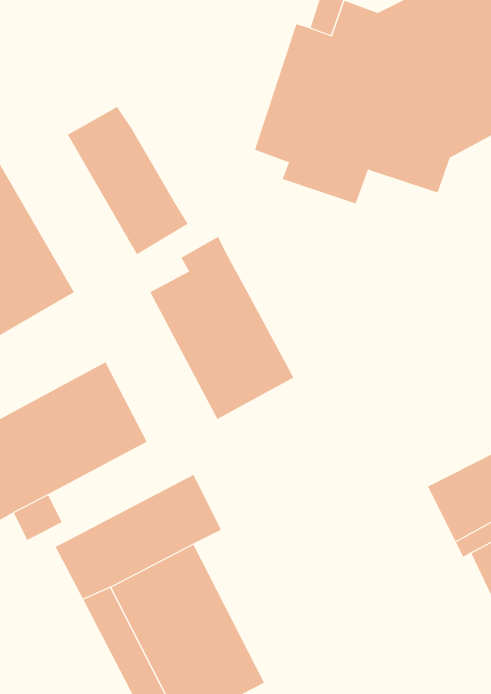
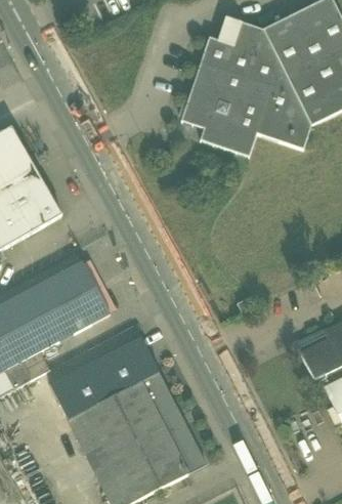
building: [67,106,188,255] -> none
building: [149,236,294,420] -> none
building: none -> [140,372,206,473]

